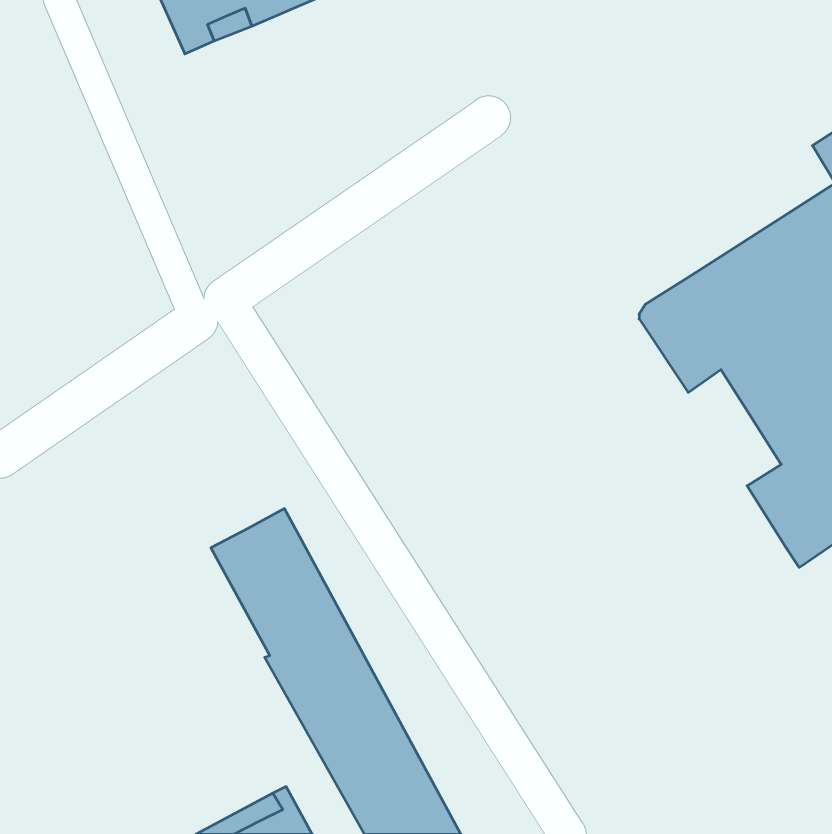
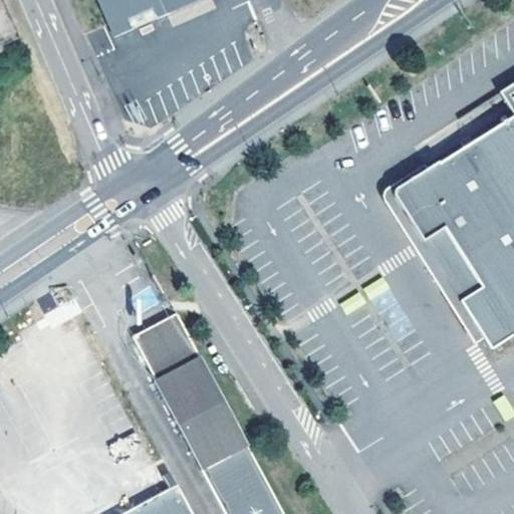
building: none -> [384,162,485,341]

